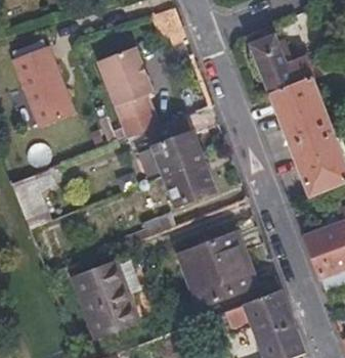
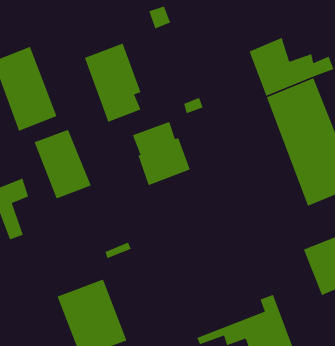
building: none -> [34,129,92,199]
building: [159,162,210,207] -> none
building: [178,231,257,307] -> none

